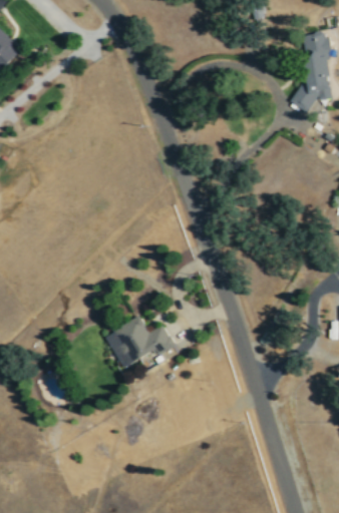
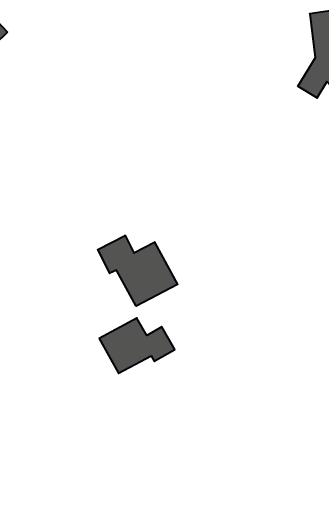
building: none -> [98,235,178,306]

